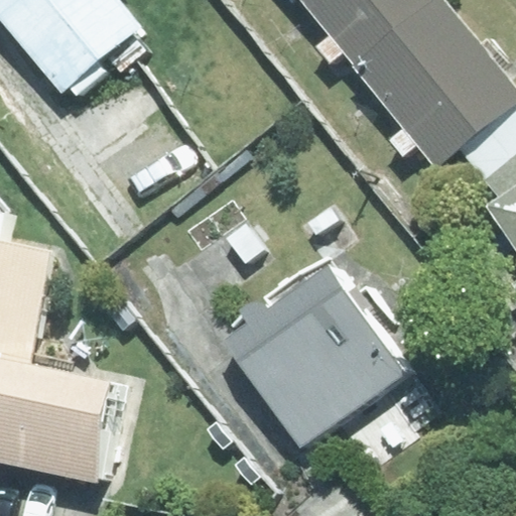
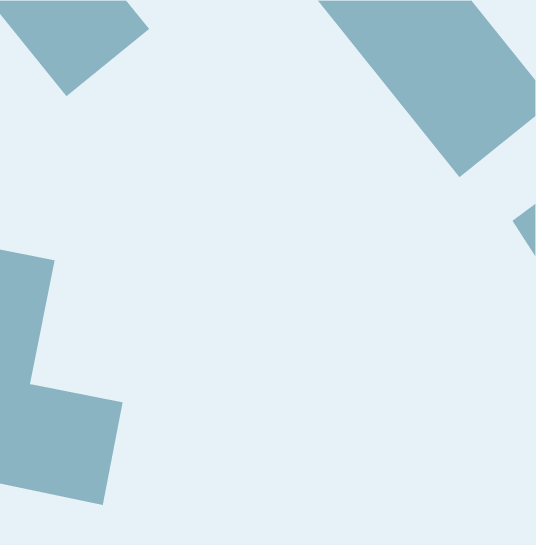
building: [220,259,405,445] -> none

